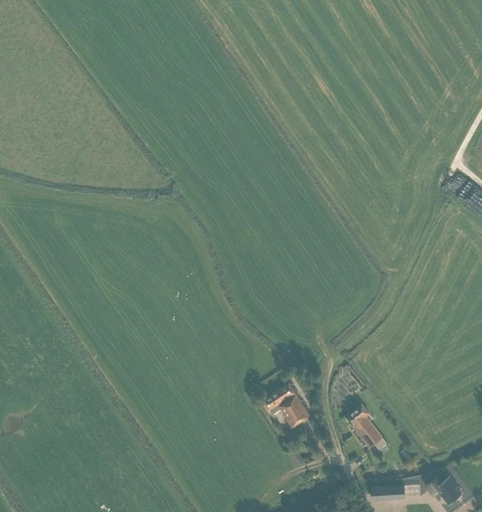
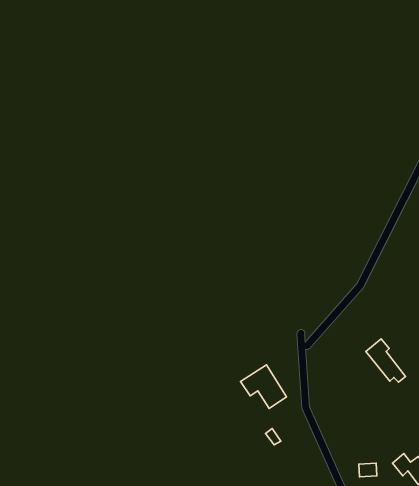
building: [345,404,386,450] -> [366,339,405,382]

